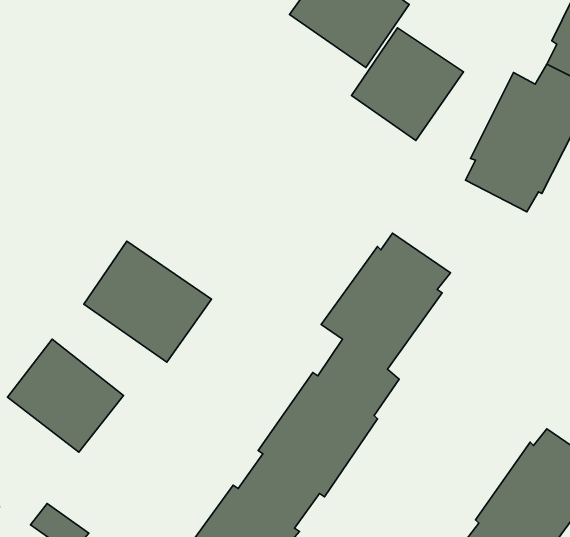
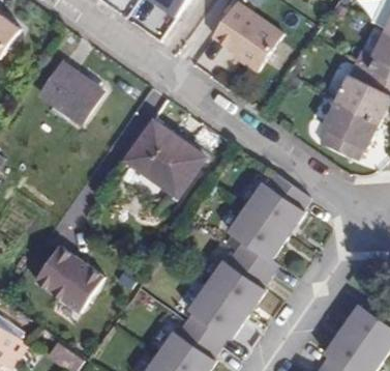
building: [352,28,463,140] -> none
building: none -> [39,64,101,122]
building: [84,241,212,362] -> [125,120,205,196]

